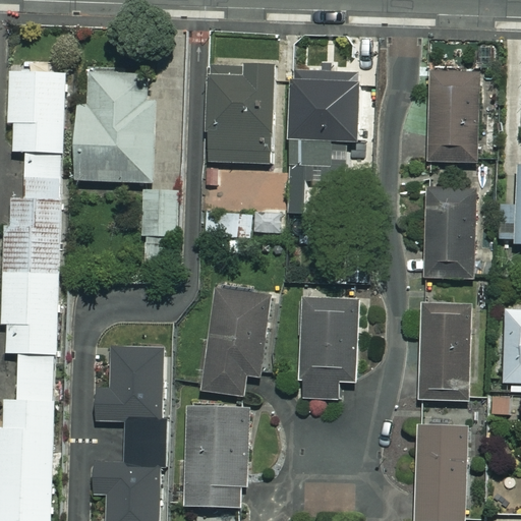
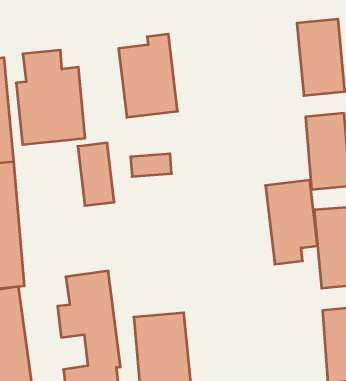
building: [286,70,359,213] -> none
building: [201,289,270,396] -> none
building: [301,299,356,397] -> [265,180,317,264]

